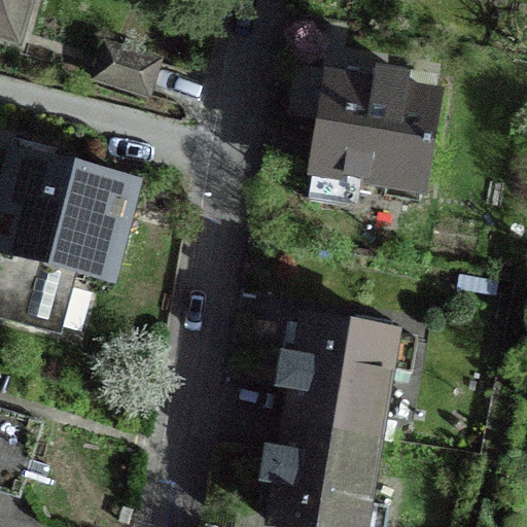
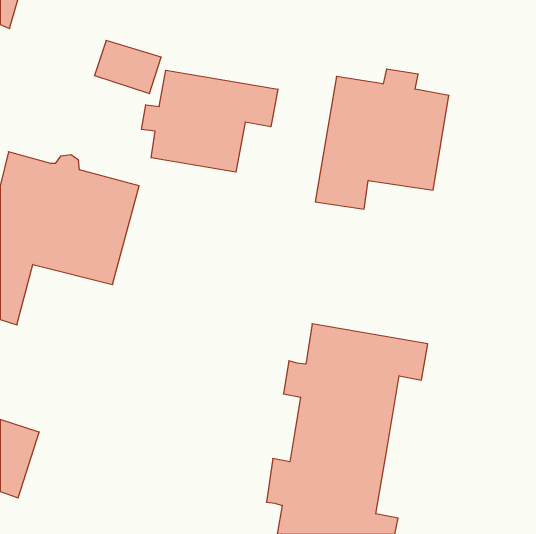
building: none -> [142,70,278,172]

